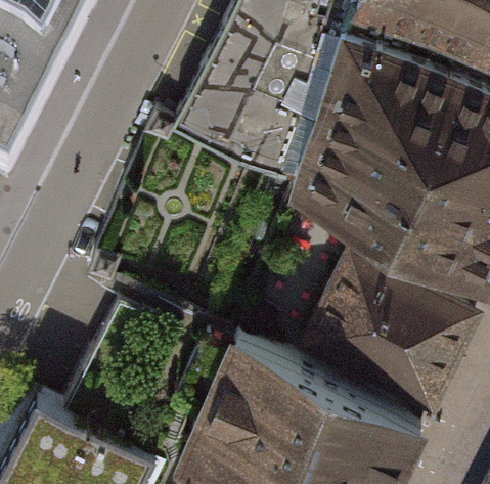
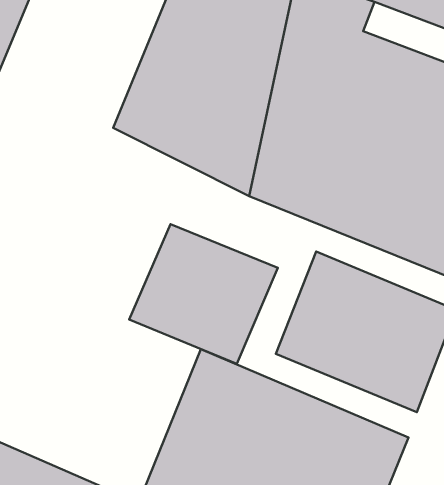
building: none -> [129,224,278,364]

